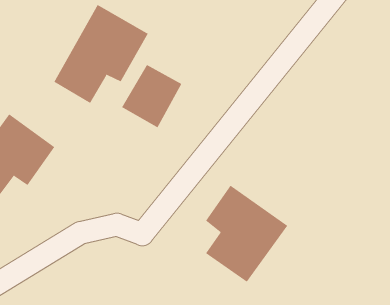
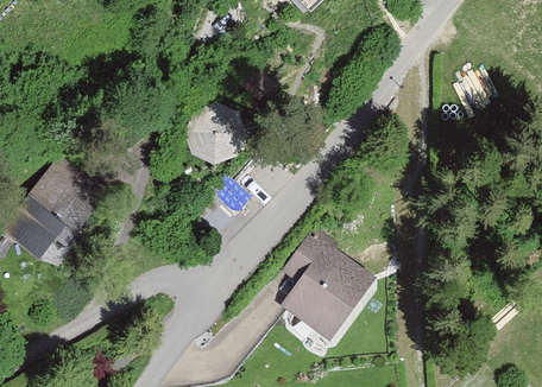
building: [54,4,149,104] -> none

